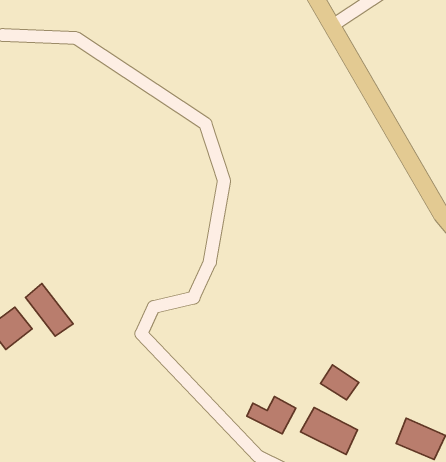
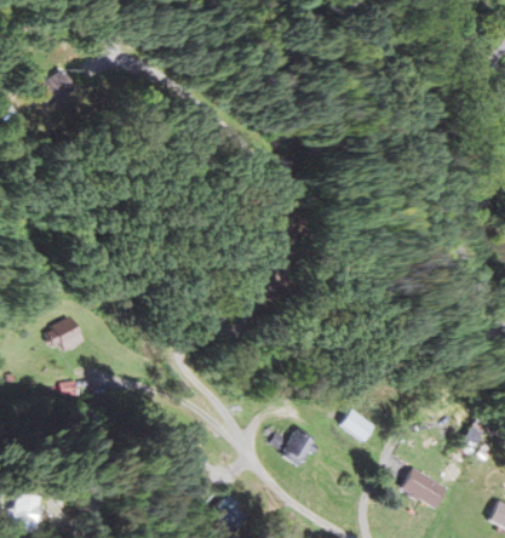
building: [25,283,73,336] -> none
building: [301,408,357,454] -> none

